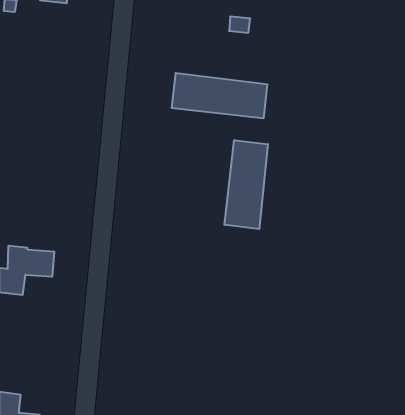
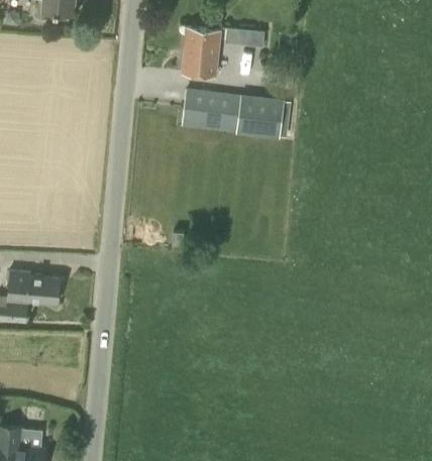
building: none -> [183,27,219,75]
building: [224,140,268,229] -> none

